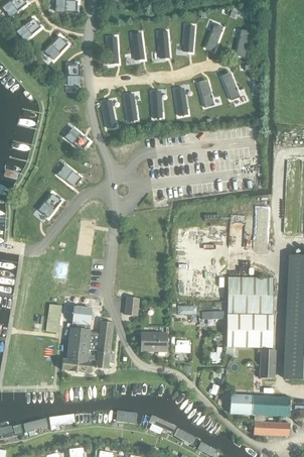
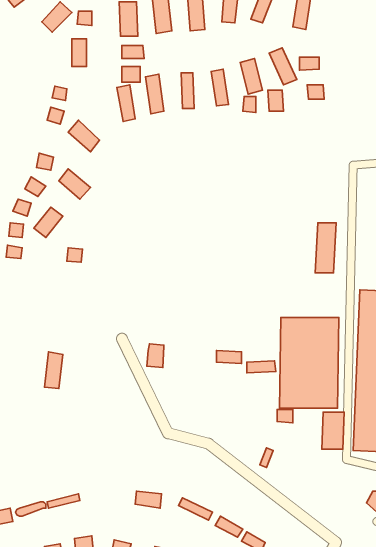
building: [61,307,114,372] -> none
building: [141,333,166,351] -> none
building: [230,394,290,436] -> none

